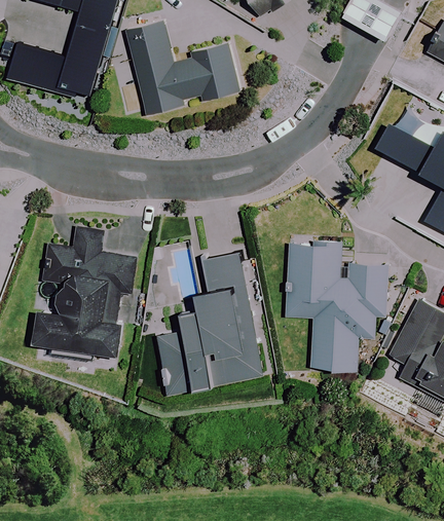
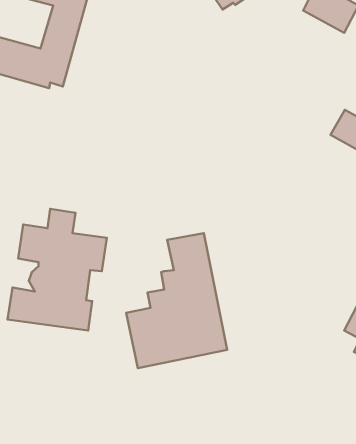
building: [127,22,242,112] -> none
building: [286,240,390,367] -> none

